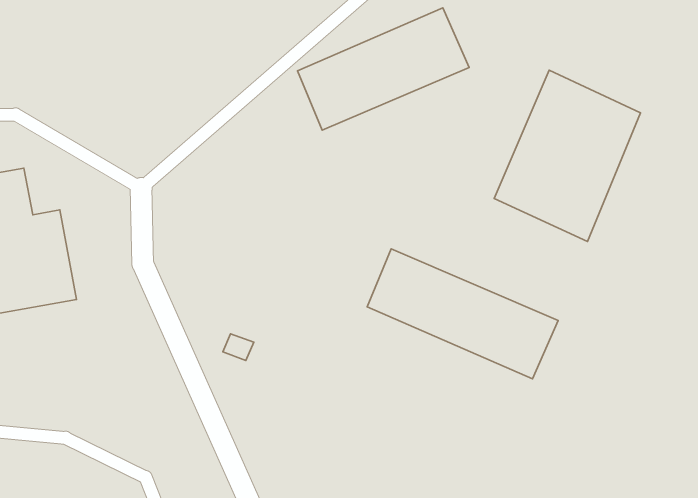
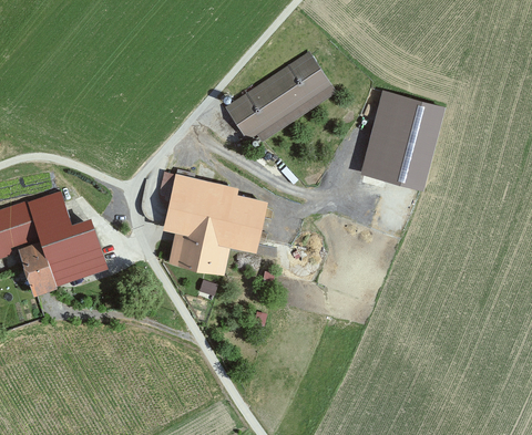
building: none -> [161,175,265,277]
building: [367,249,558,379] -> none

